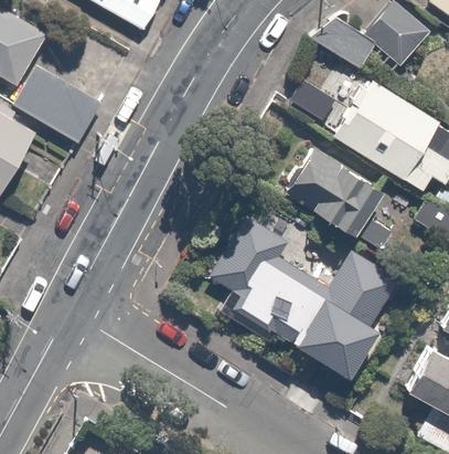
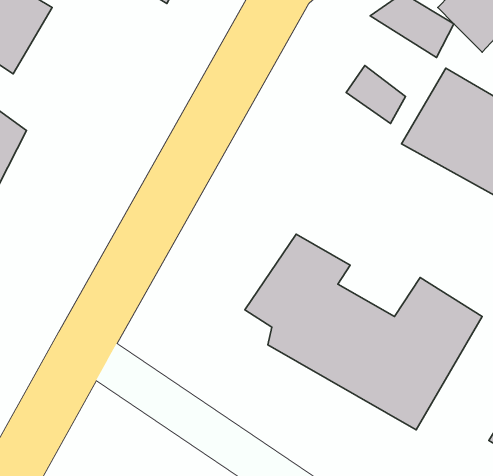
building: [19,68,100,142] -> none
building: [278,151,397,252] -> none

